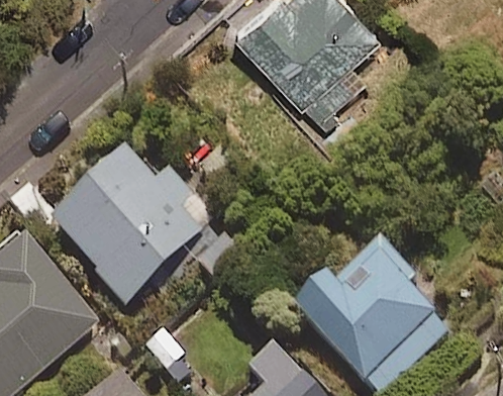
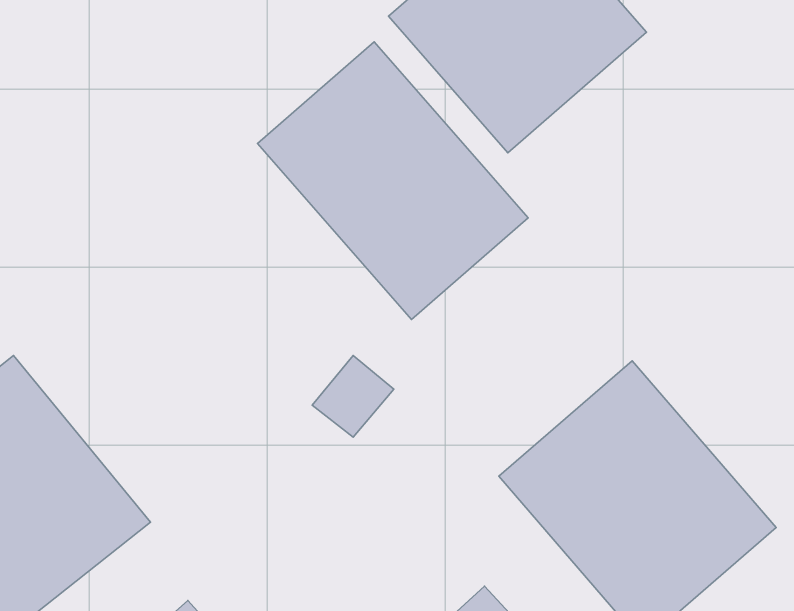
building: none -> [258,42,528,320]
building: [48,143,205,301] -> none

